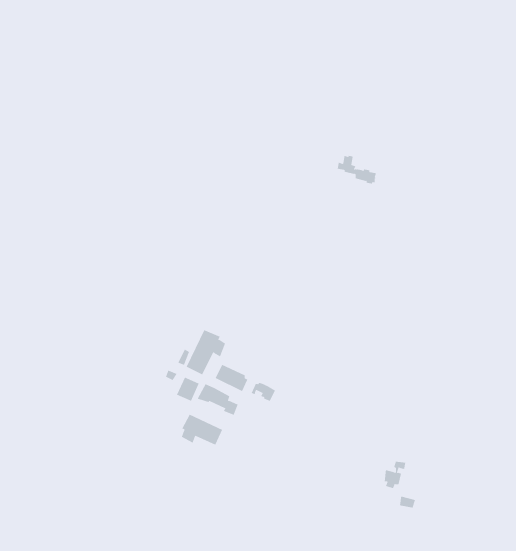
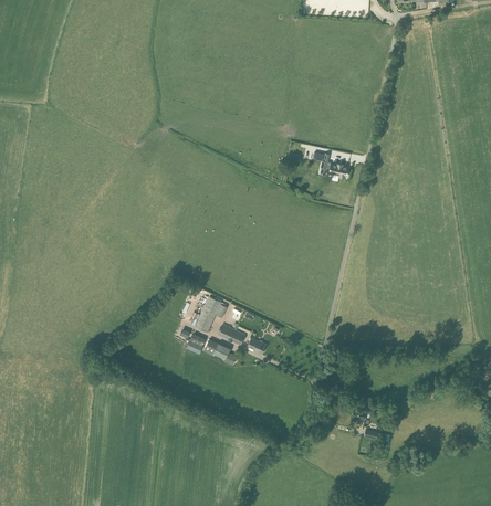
building: [181,414,223,446] -> none

